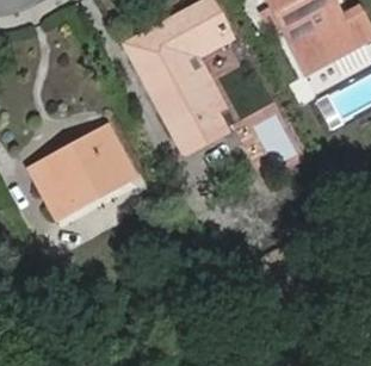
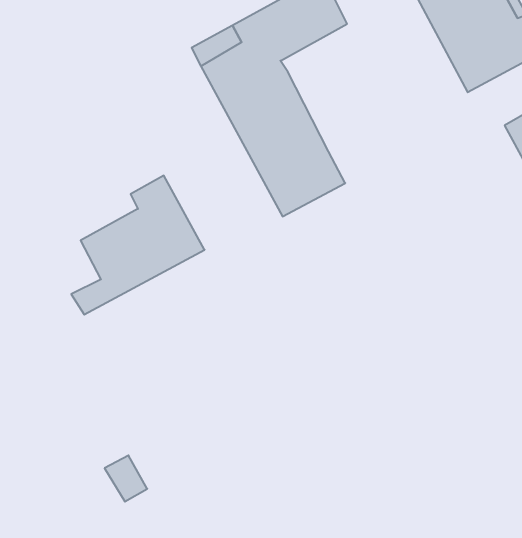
building: [184,29,231,111] -> none
building: [31,138,92,203] -> none

